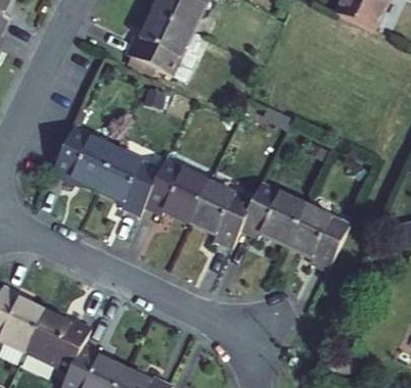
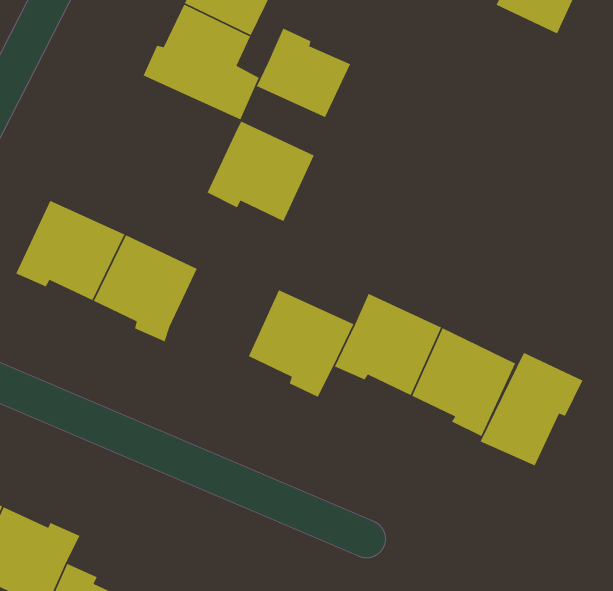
building: none -> [256,27,351,118]
building: [143,160,208,221] -> [206,121,315,222]
building: none -> [480,352,584,466]

